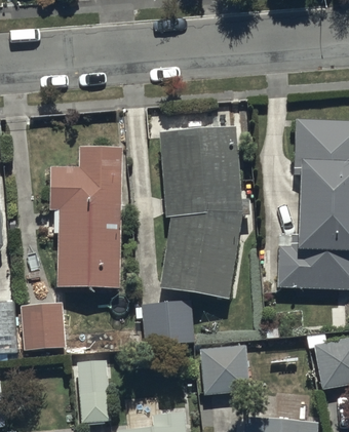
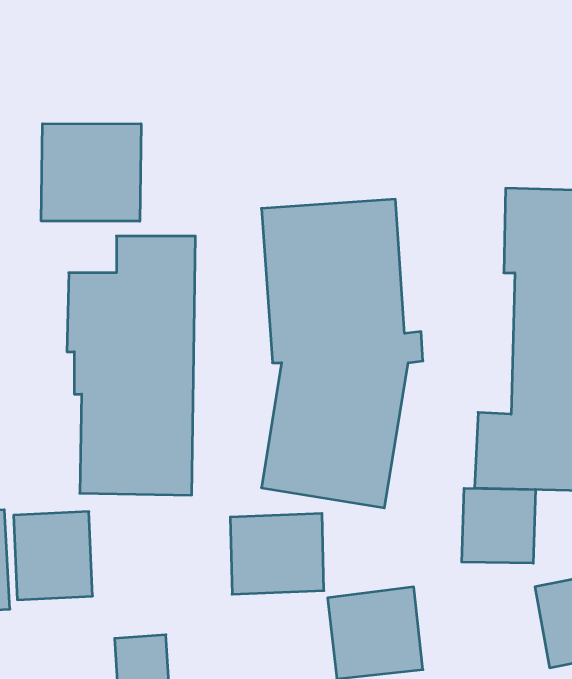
building: none -> [41,124,141,221]
building: none -> [462,488,535,563]

